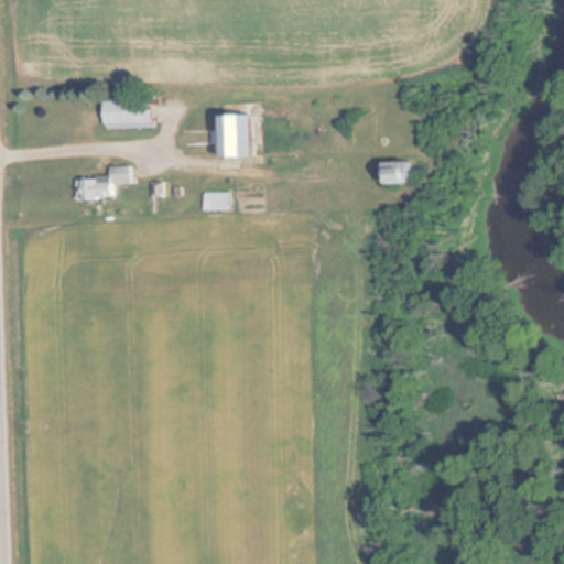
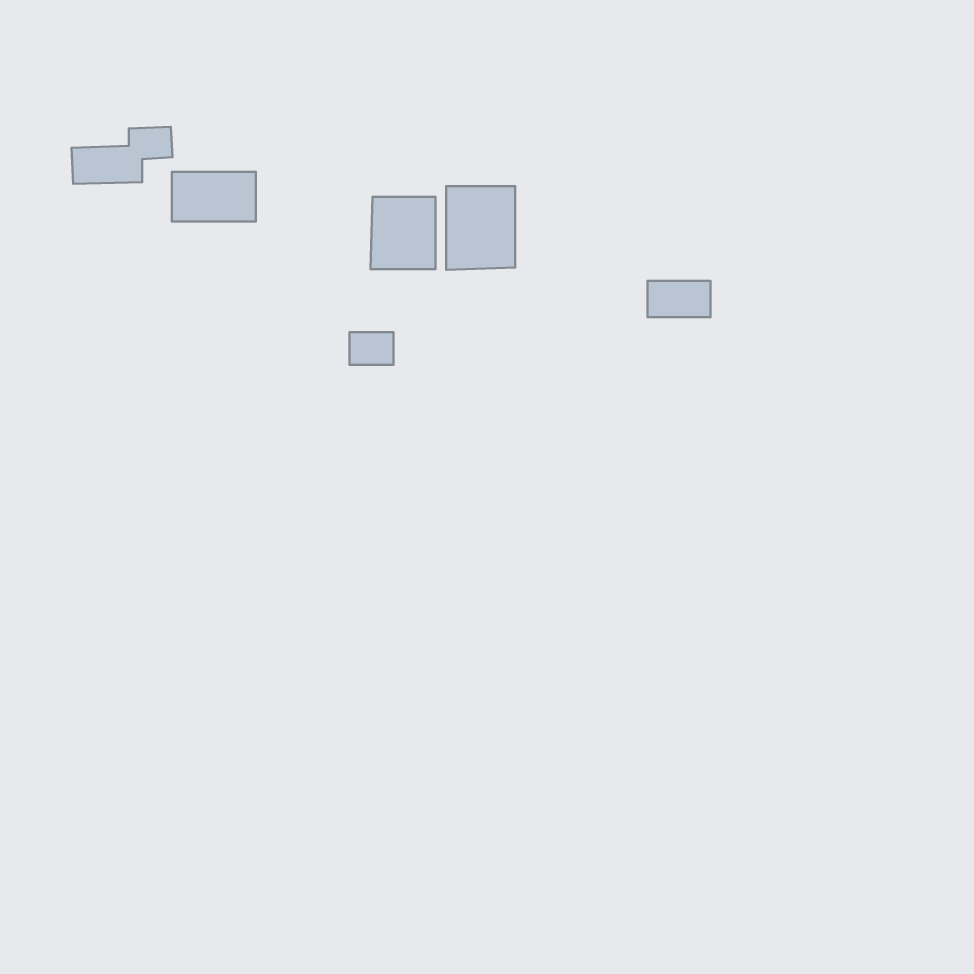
building: none -> [446,186,515,270]
building: [75,165,133,198] -> [71,127,173,184]

